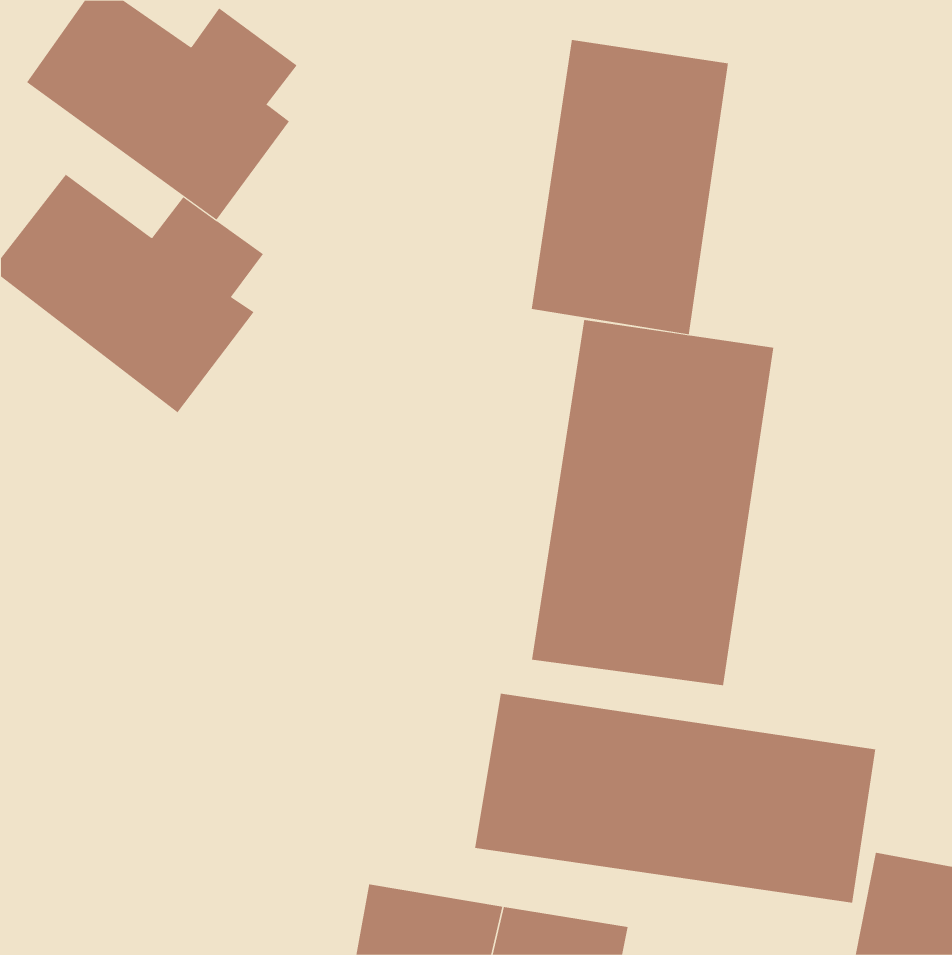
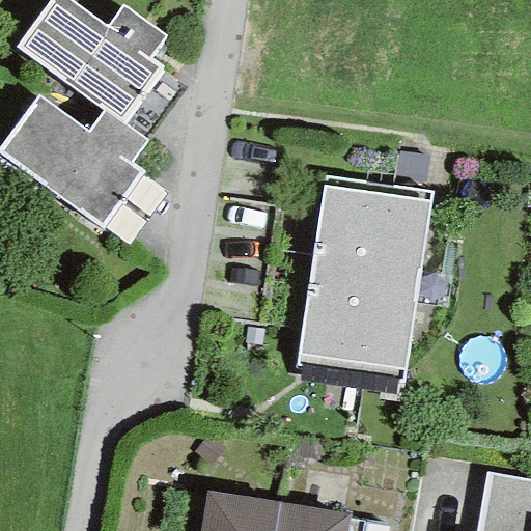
building: [531,39,728,335] -> none
building: [474,693,876,903] -> none

